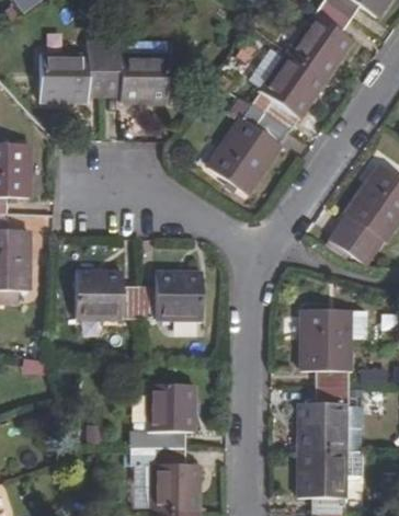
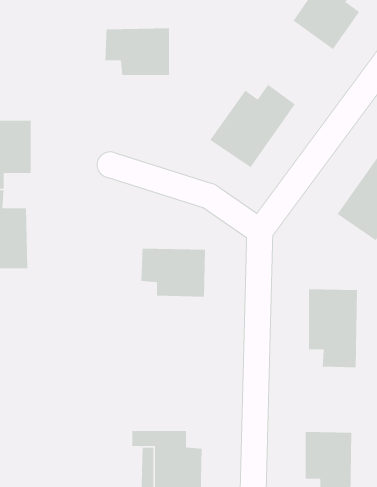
building: [259,49,326,130] -> none
building: [41,56,104,102] -> none
building: [73,270,139,318] -> none
building: [129,383,194,448] -> none
building: [298,387,350,450] -> none

